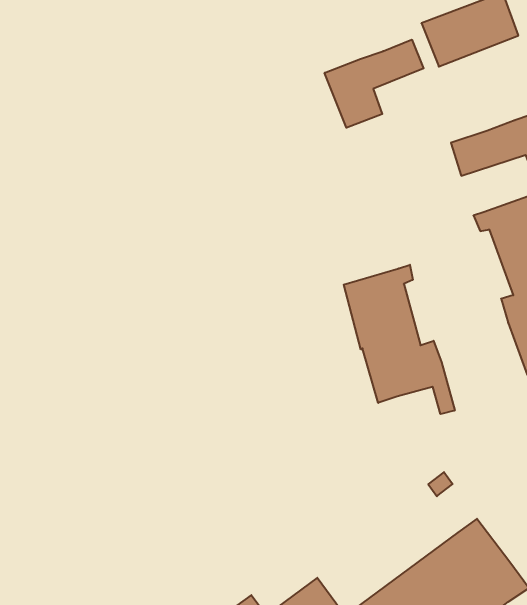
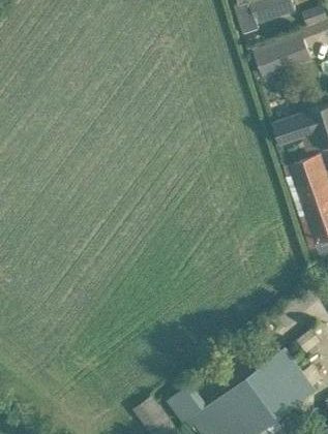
building: [325,40,424,128] -> none
building: [344,265,455,414] -> none

